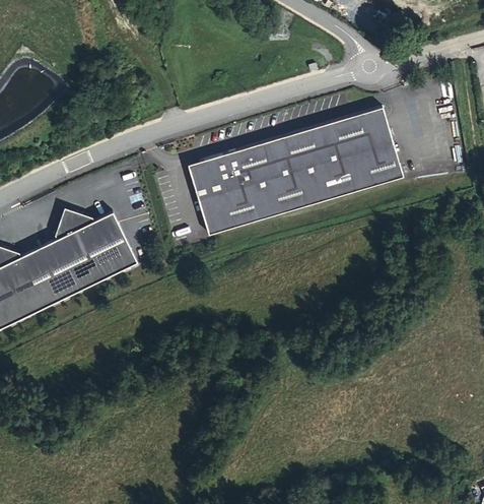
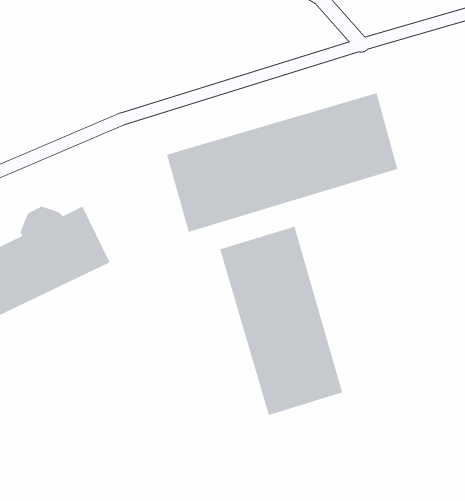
building: none -> [219,226,343,416]

